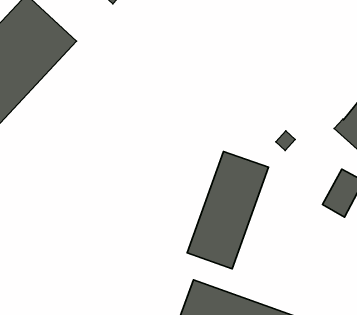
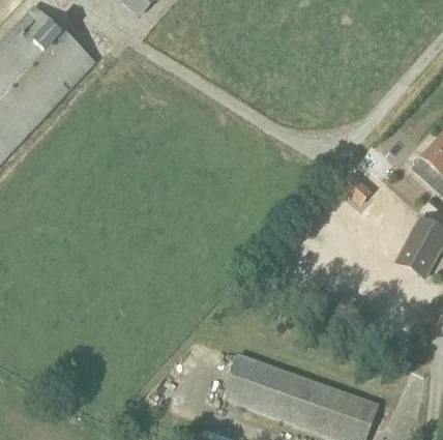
building: [187,151,268,269] -> none

